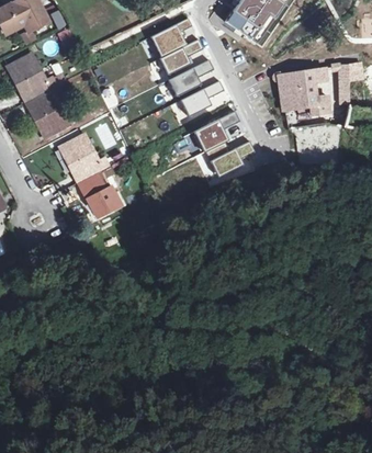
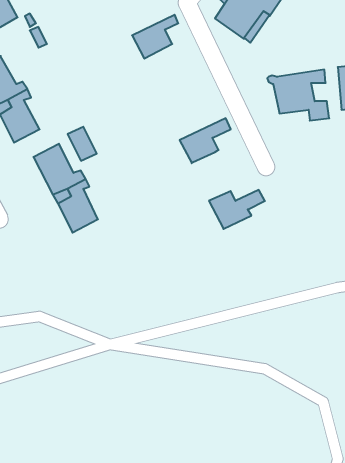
building: [159,39,203,76] -> none
building: [168,60,214,97] -> none
building: [181,81,224,116] -> none
building: [205,141,256,177] -> [209,190,265,229]

